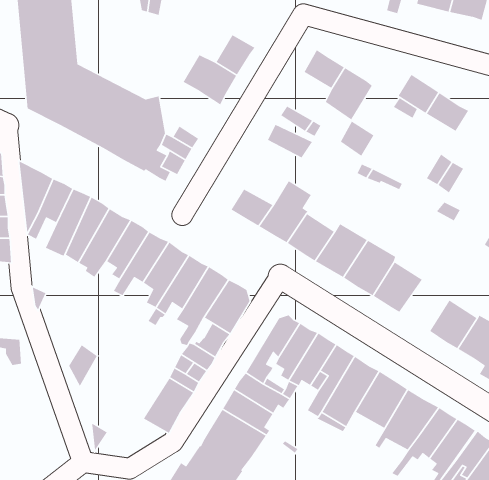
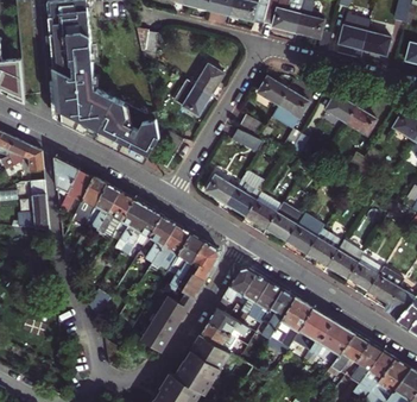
building: none -> [326,240,362,277]

